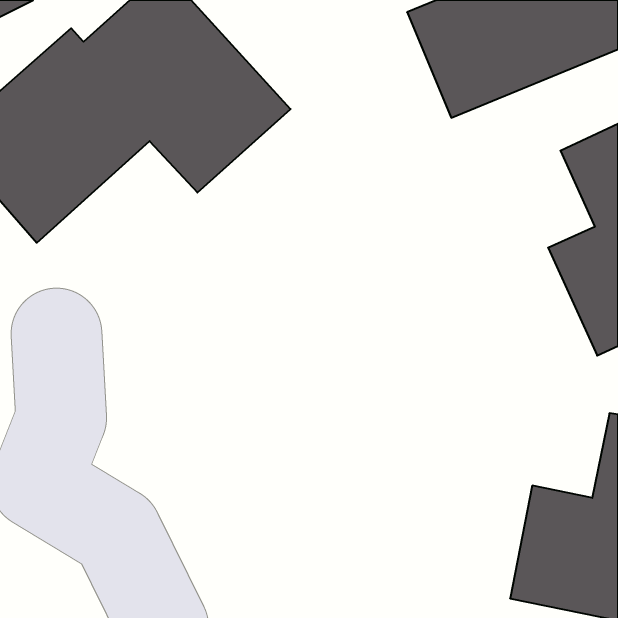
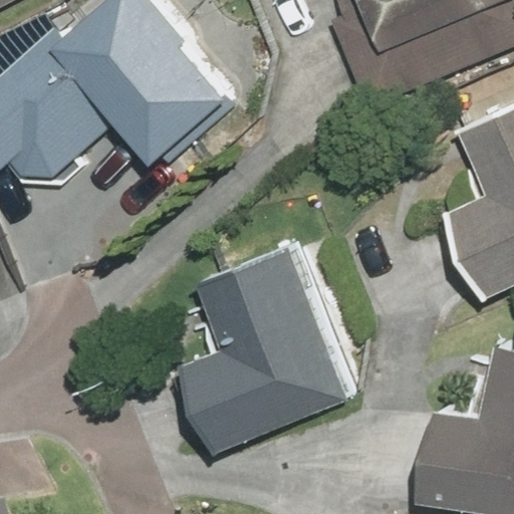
building: none -> [184,249,345,447]

